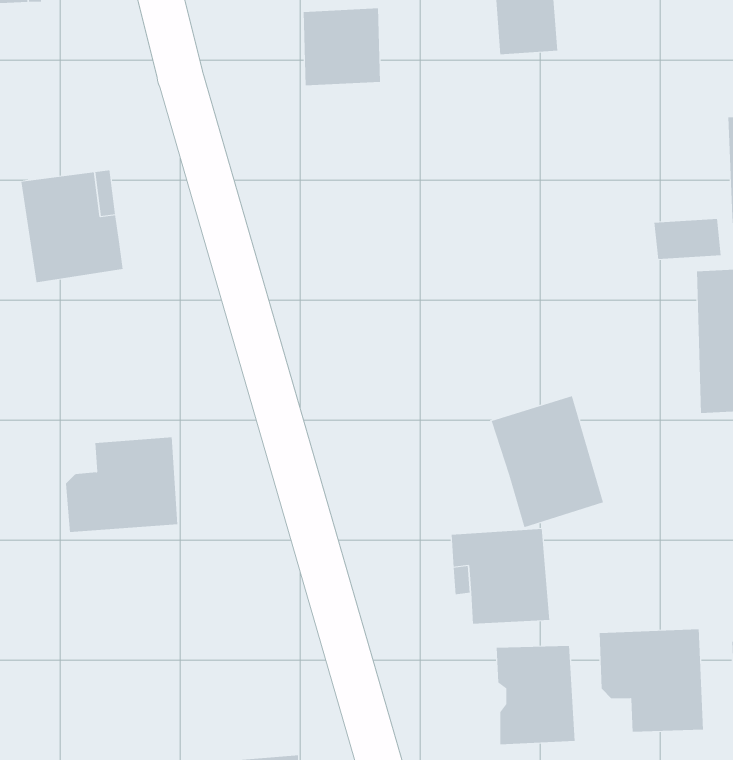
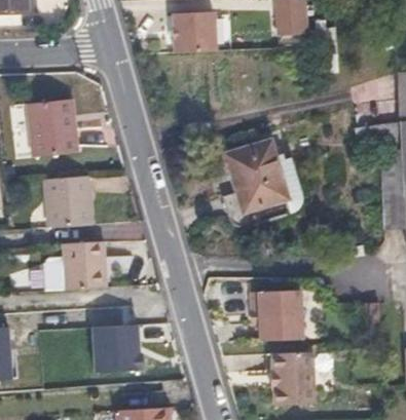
building: none -> [46,176,95,227]
building: [491,395,604,528] -> [227,143,287,213]
building: none -> [87,322,139,369]
building: [599,629,704,733] -> none

